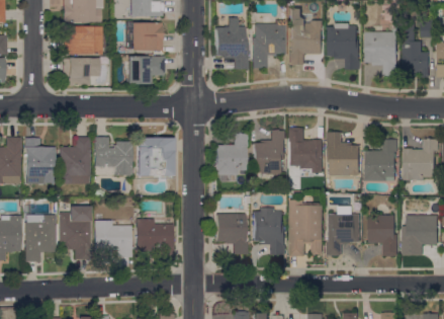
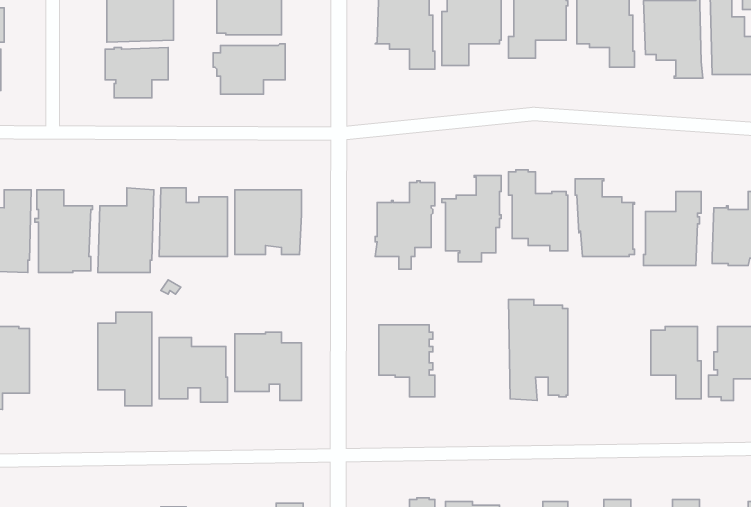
building: [327,206,360,254] -> none
building: [252,207,286,254] -> none
building: [24,215,55,261] -> none

